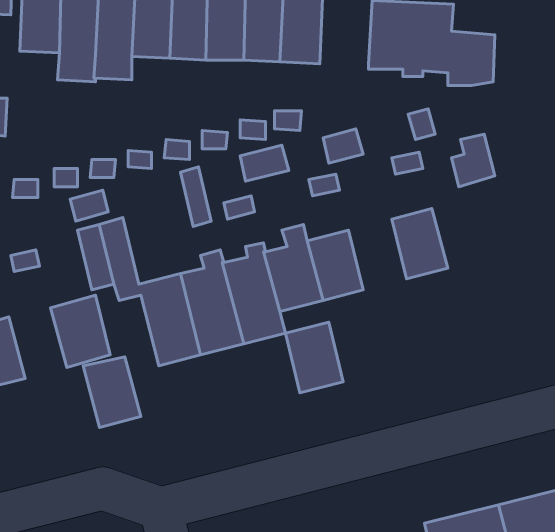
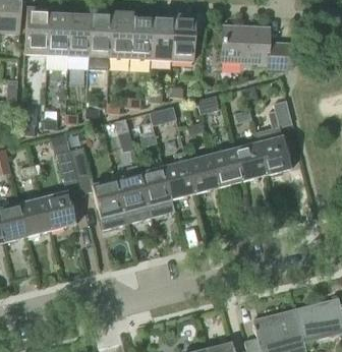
building: none -> [256,127,291,175]
building: [285,322,343,393] -> [211,148,243,187]
building: [83,357,141,427] -> [19,197,52,237]

